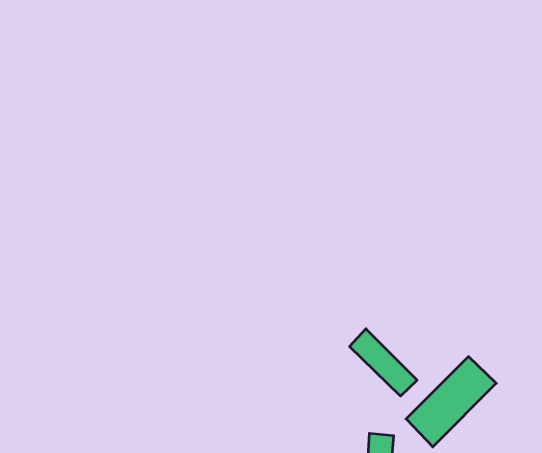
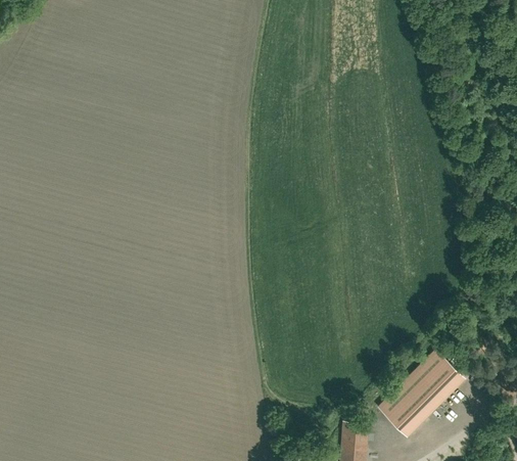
building: [350,329,417,396] -> none

